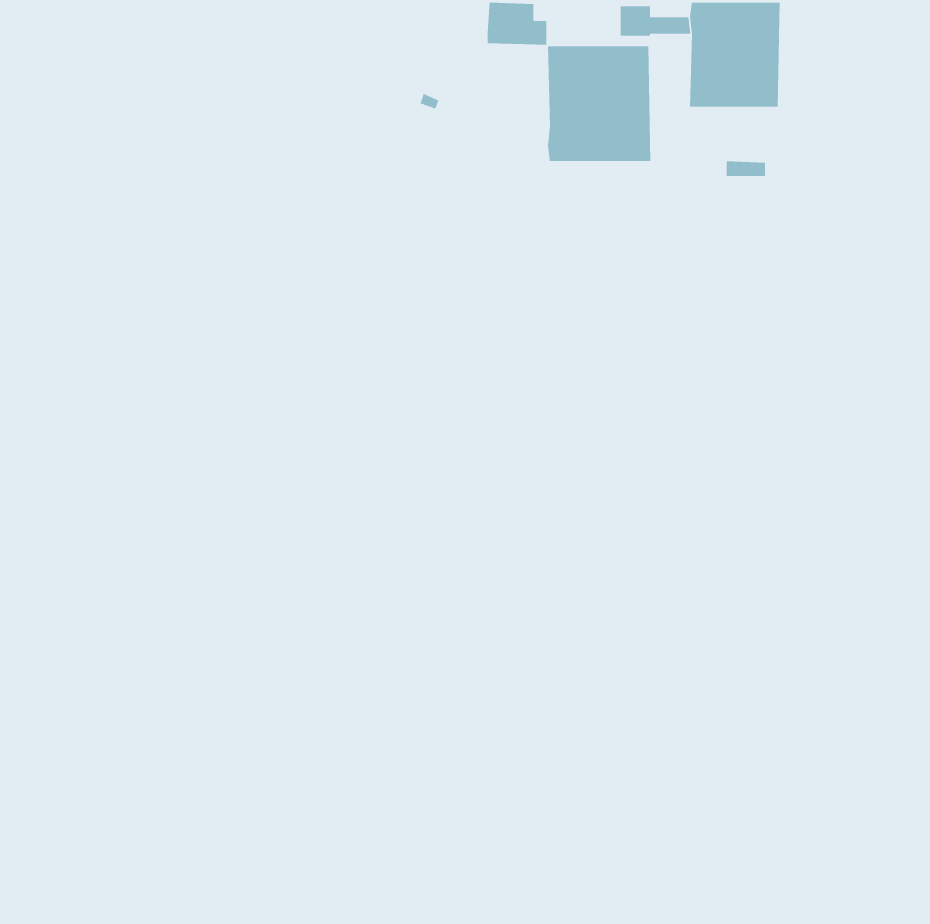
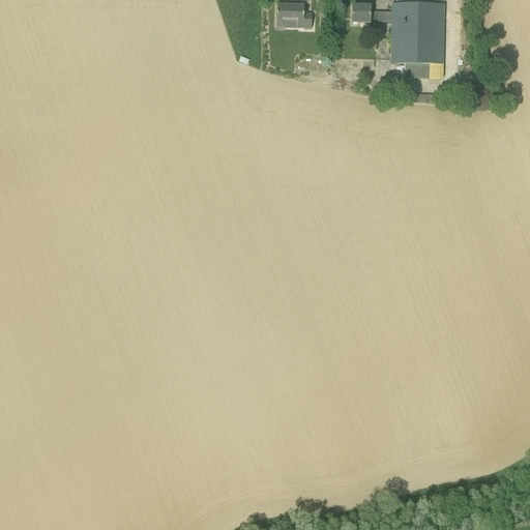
building: [547,46,651,162] -> none

